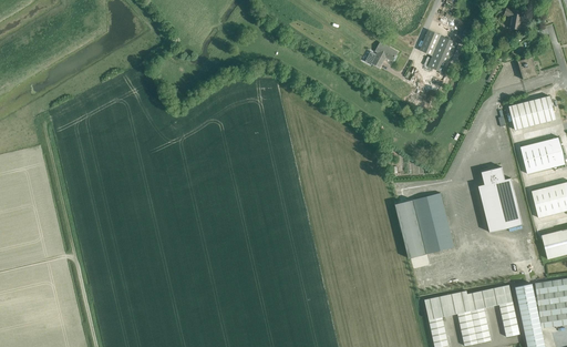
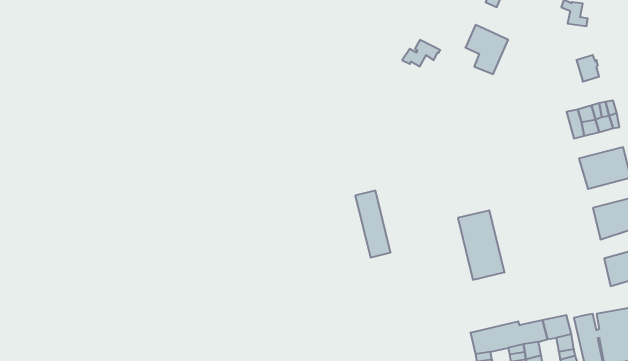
building: [478,167,522,233] -> none
building: [395,200,426,258] -> [355,191,391,257]

